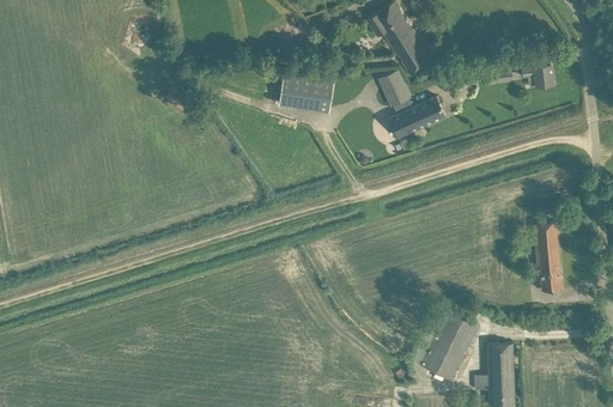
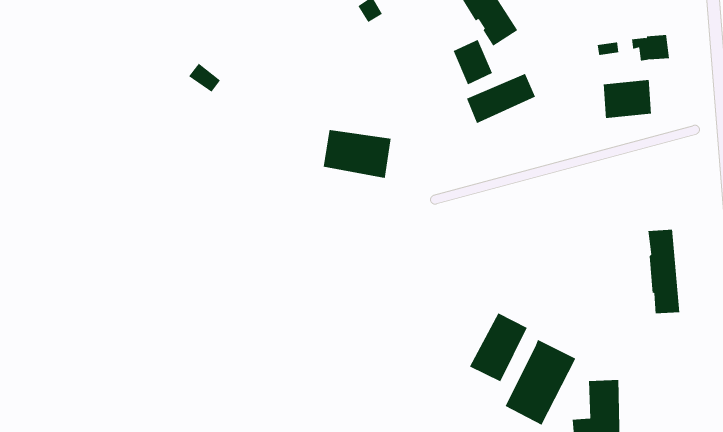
building: [279,74,334,114] -> [323,130,391,179]
building: none -> [603,79,652,119]
building: none -> [469,312,528,382]

